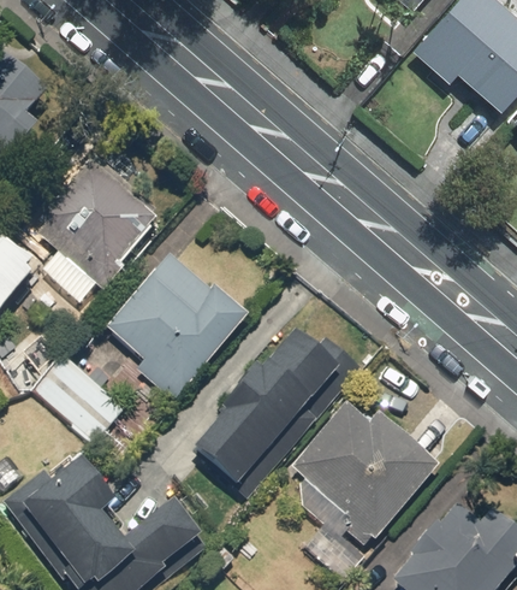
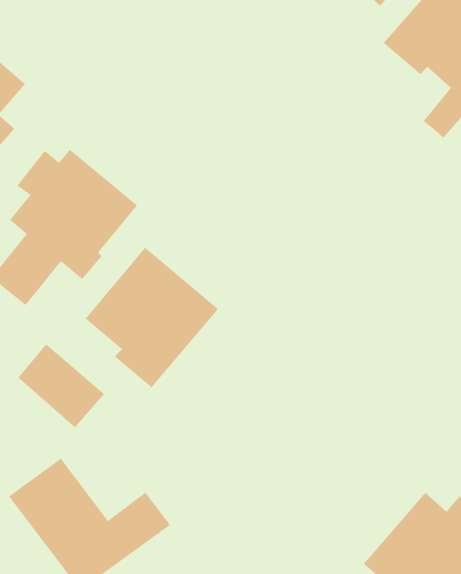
building: [188,335,356,497] -> none
building: [290,401,436,547] -> none

